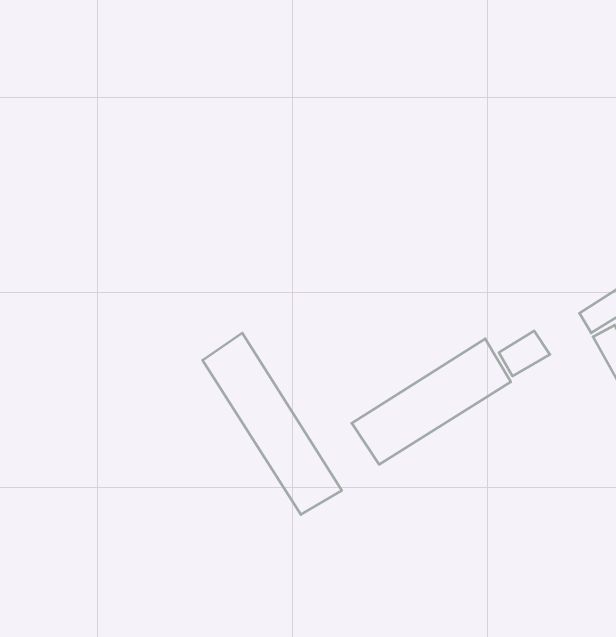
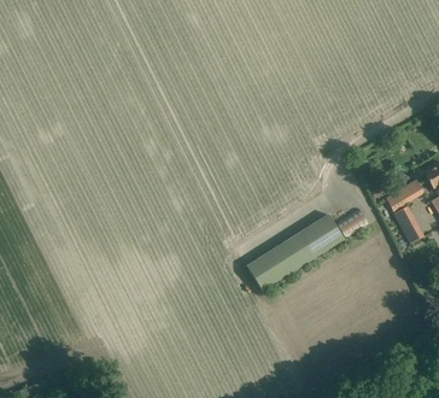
building: [203,333,342,515] -> none

